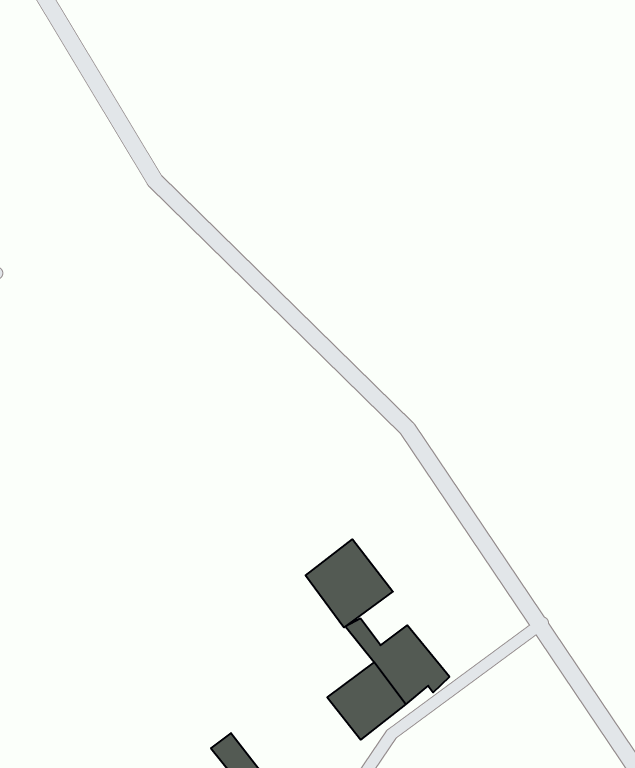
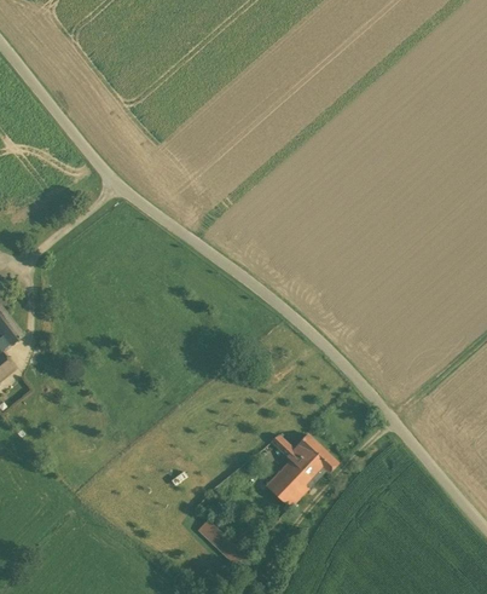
building: [306,539,393,627] -> none

